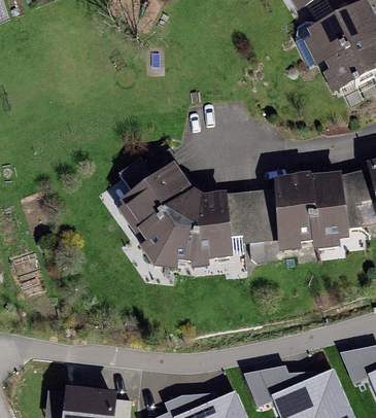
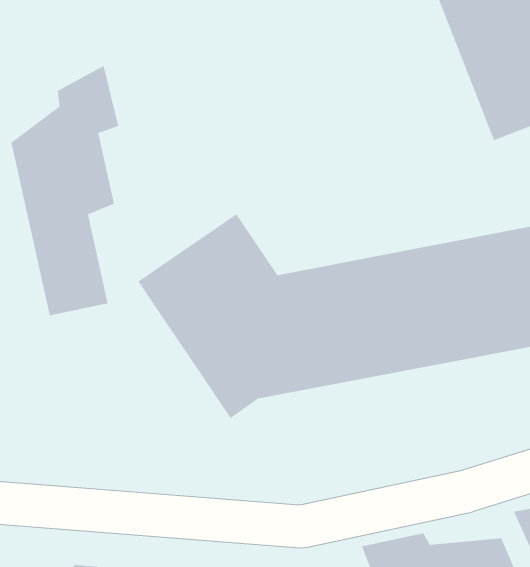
building: none -> [11,65,119,316]

